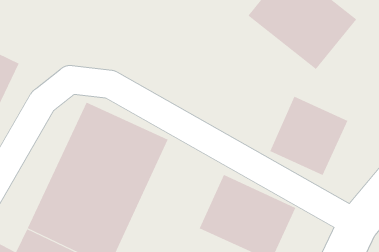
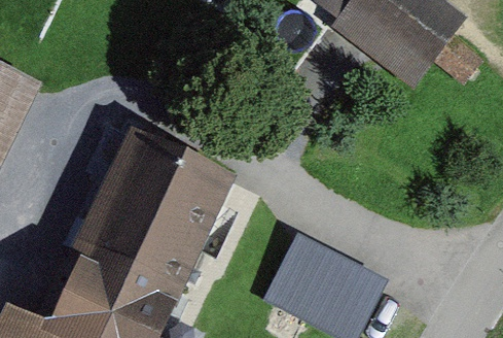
building: [269,96,348,176] -> none

